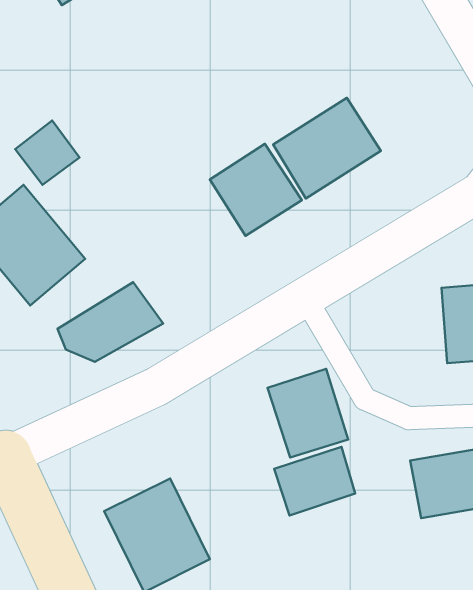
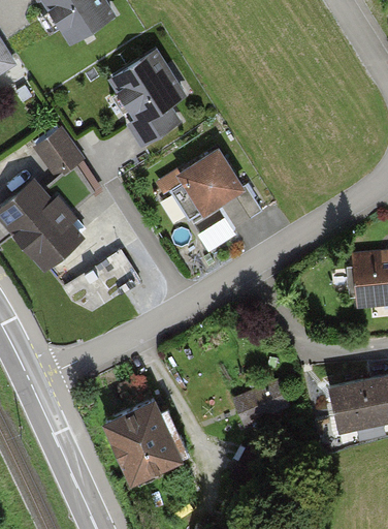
building: none -> [98,45,192,142]
building: [273,98,381,199] -> none
building: [268,369,348,458] -> none

